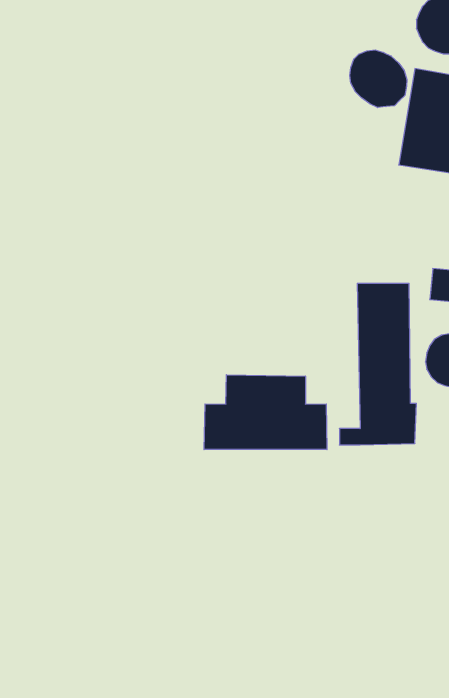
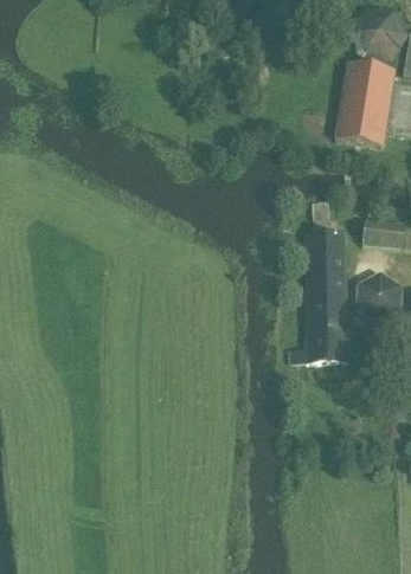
building: [350,50,407,108] -> none
building: [204,375,327,450] -> none

